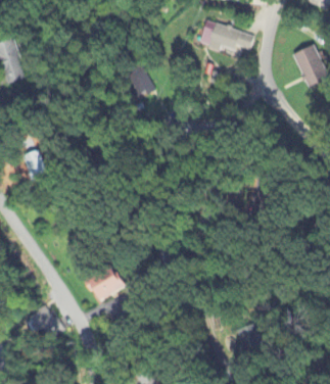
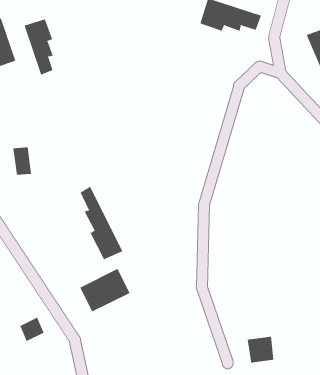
building: none -> [24,18,53,76]
building: [126,65,149,95] -> none
building: none -> [80,186,123,260]

